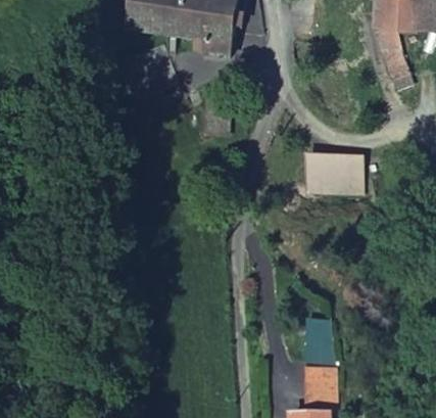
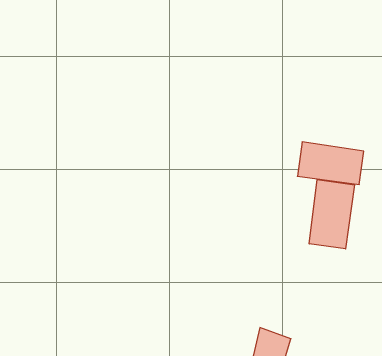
building: none -> [309,180,355,249]

